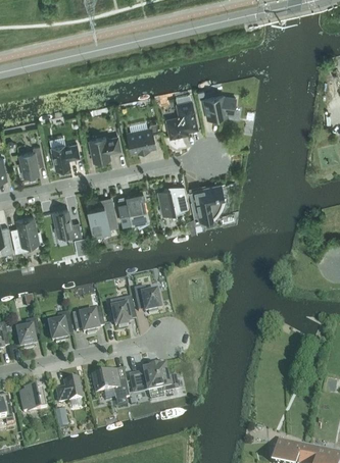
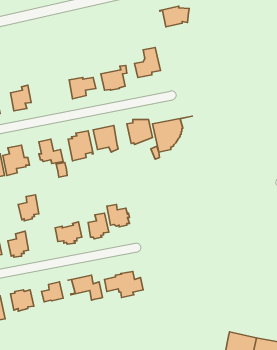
building: [200,95,235,119] -> [160,6,189,27]
building: [50,144,80,169] -> none
building: [48,313,72,344] -> [18,195,39,221]

